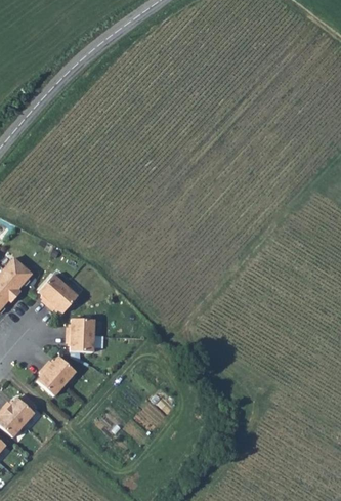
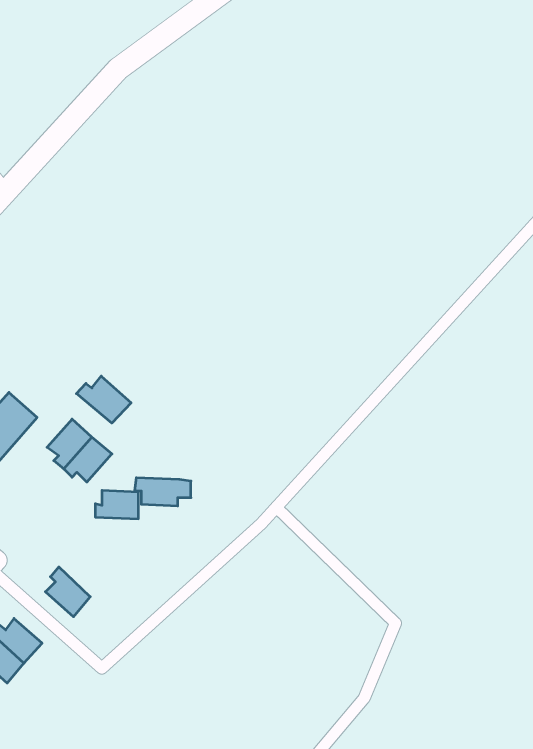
building: none -> [76,376,131,423]
building: [67,335,101,352] -> [135,478,191,506]
building: [45,357,76,384] -> none

